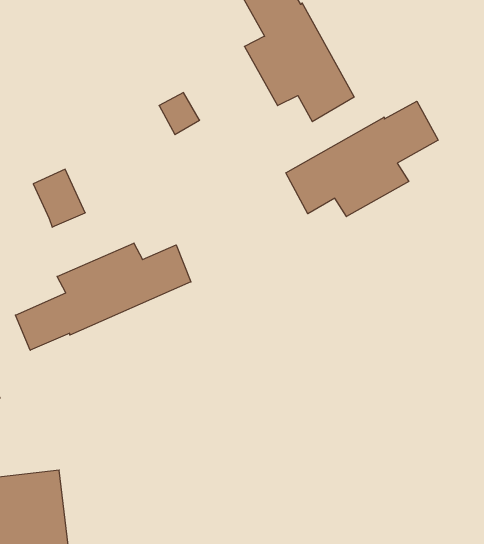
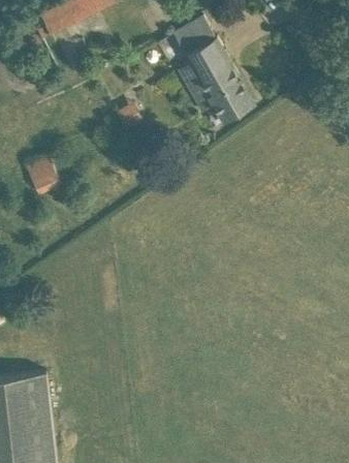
building: [286,101,438,217] -> none
building: [15,243,191,350] -> none

